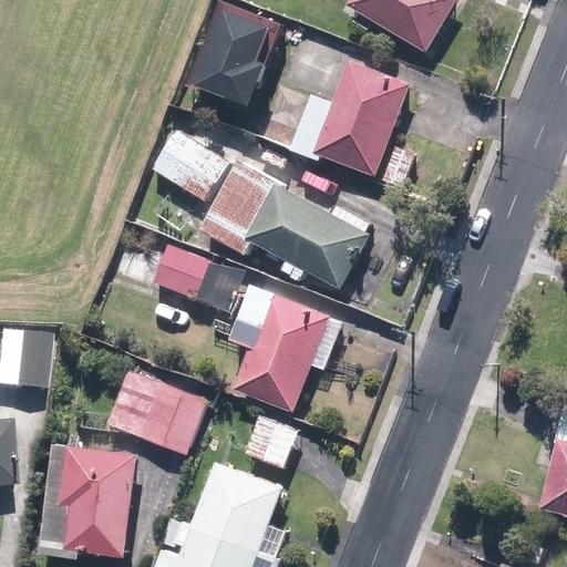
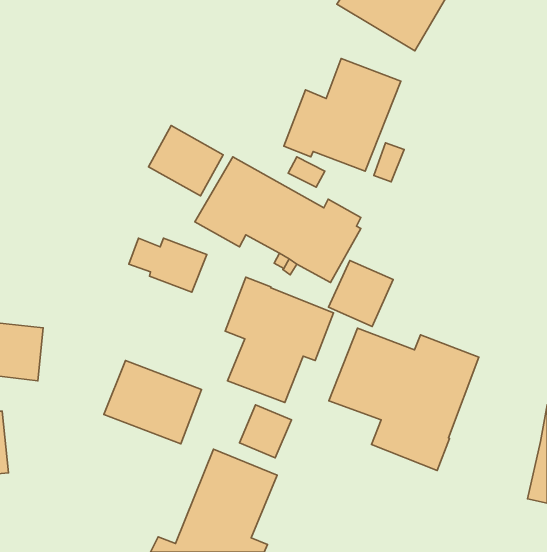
building: [196,9,272,105] -> none
building: none -> [329,260,393,326]
building: none -> [329,328,479,470]
building: [39,443,136,557] -> none

